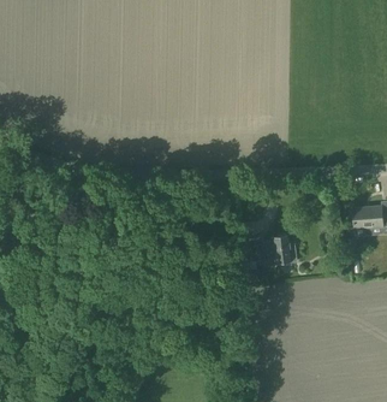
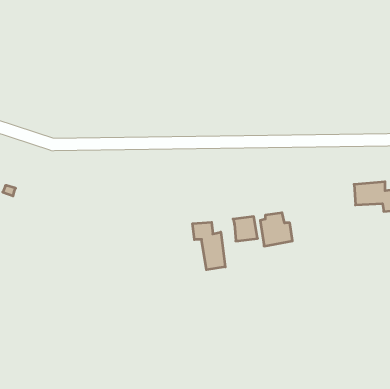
building: none -> [193,222,225,270]

